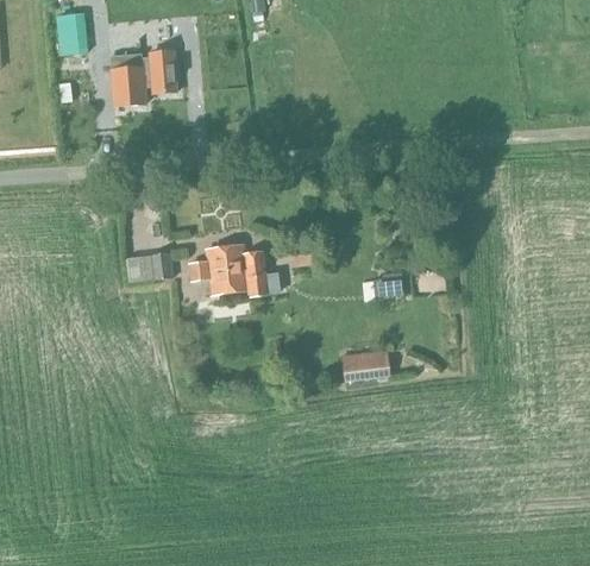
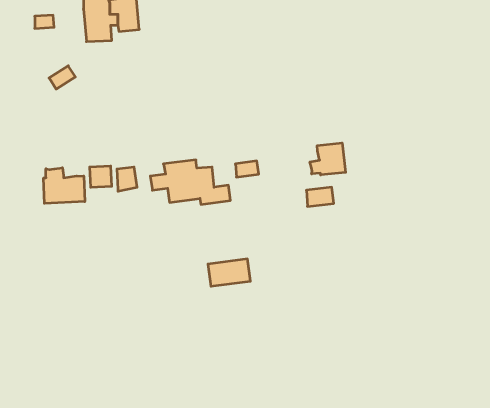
building: none -> [310,143,346,175]
building: none -> [44,168,85,203]
building: [340,350,390,382] -> [208,259,250,286]

